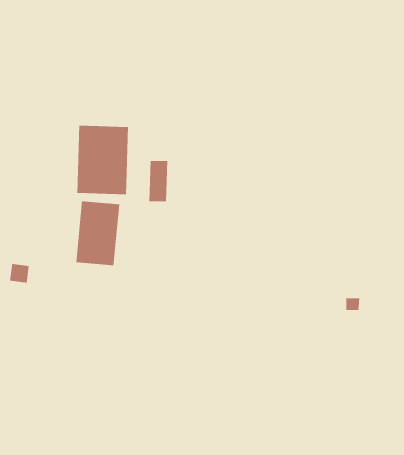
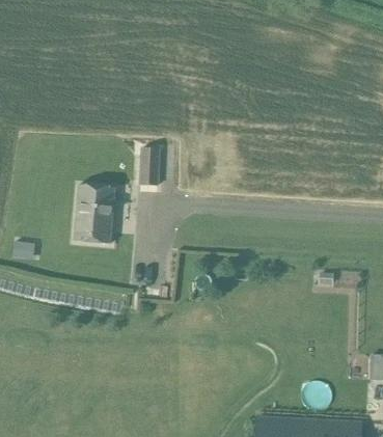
building: [77,125,128,195] -> none

